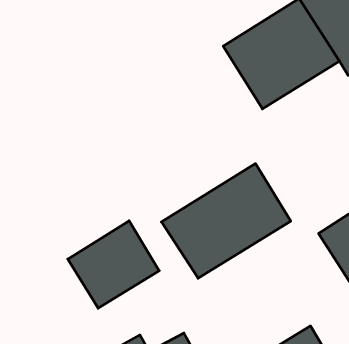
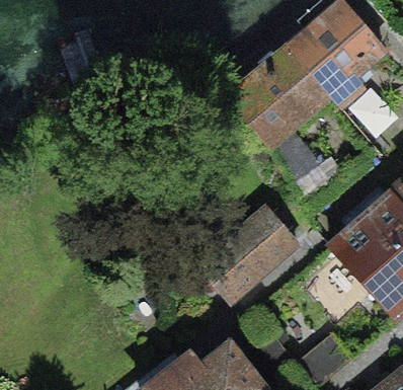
building: [68,221,159,308] -> none

